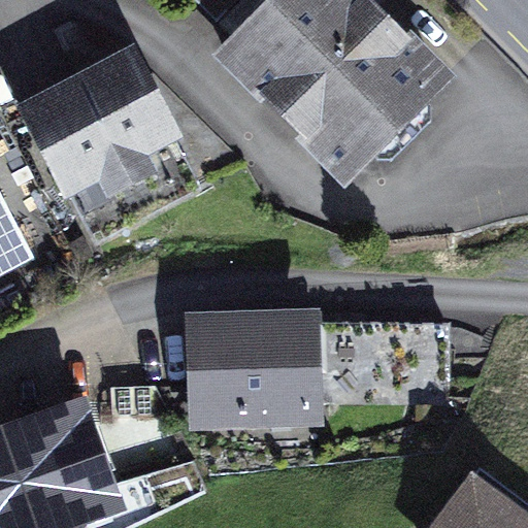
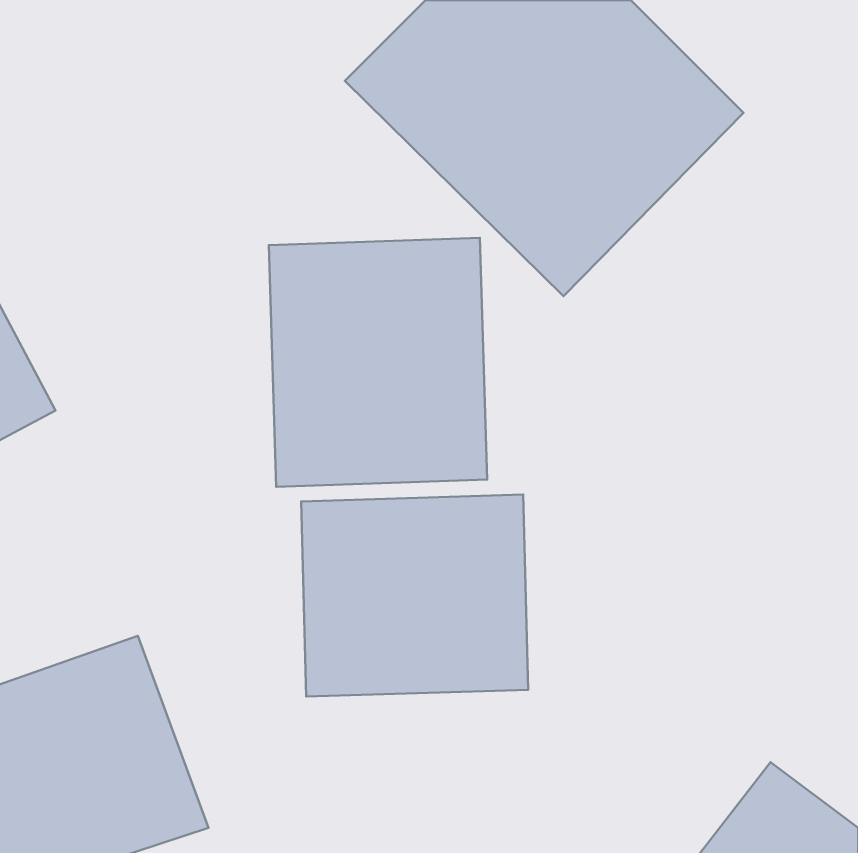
building: [14,40,185,200] -> none
building: none -> [269,238,487,487]

